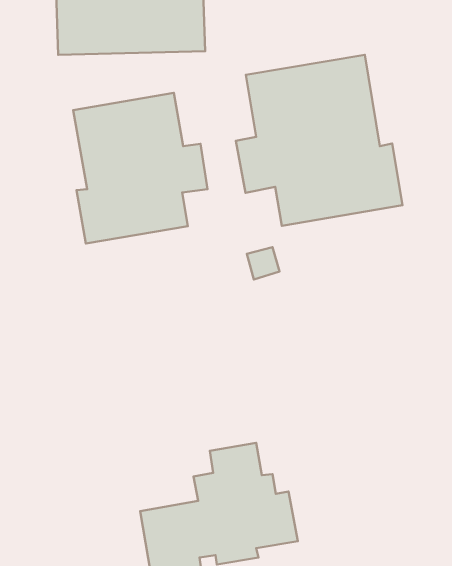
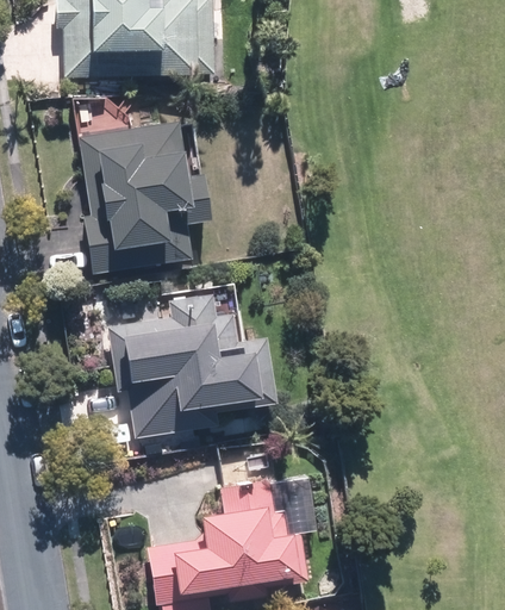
building: [236,55,402,226] -> none
building: none -> [106,288,281,437]

